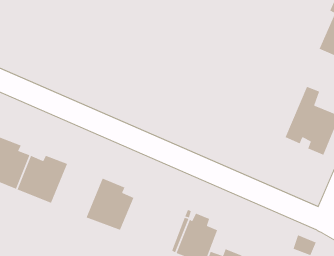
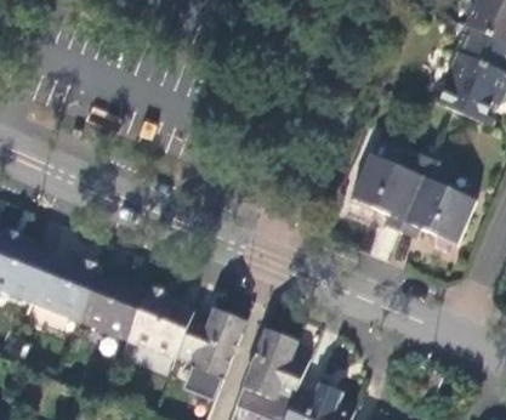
building: none -> [348,152,428,229]
building: none -> [74,273,144,341]
building: none -> [171,308,241,379]

